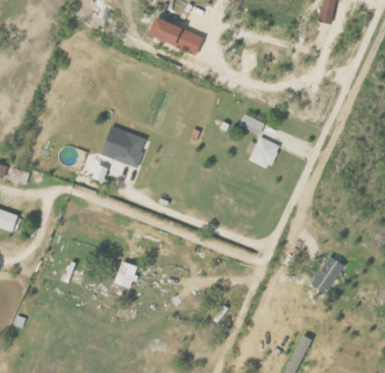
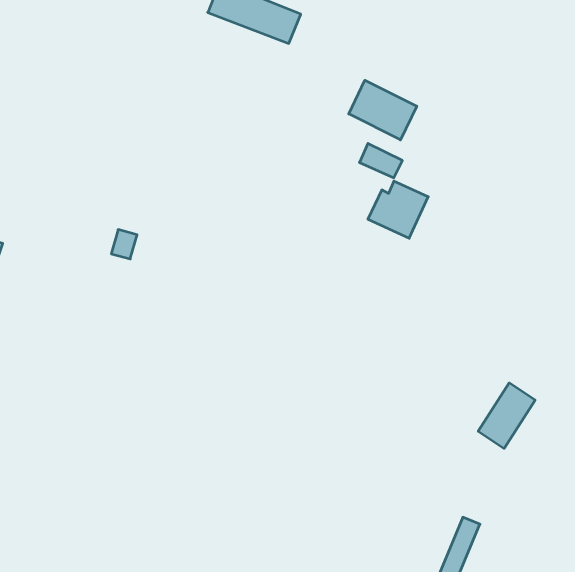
building: none -> [349,80,417,140]
building: [101,126,147,167] -> none
building: [114,260,140,288] -> none

